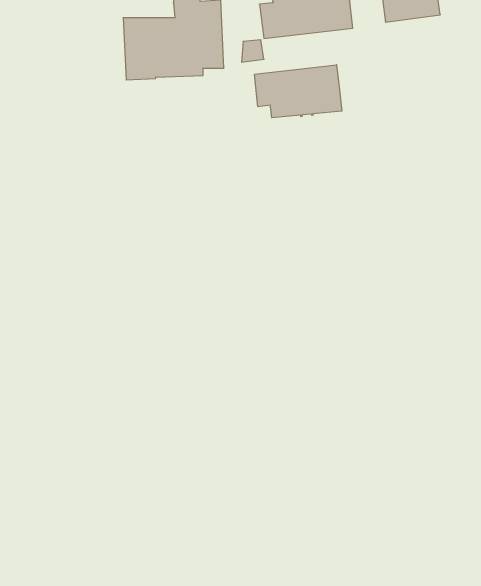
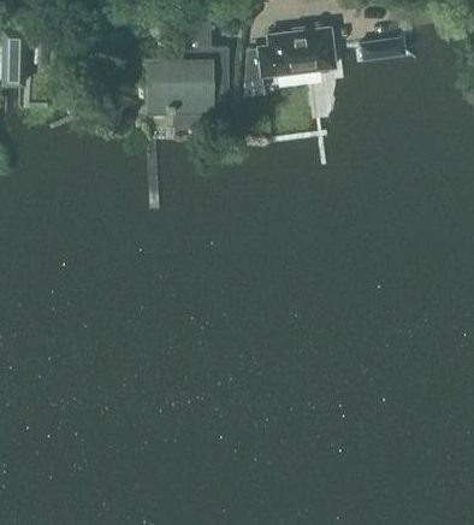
building: [255,65,342,118] -> none

